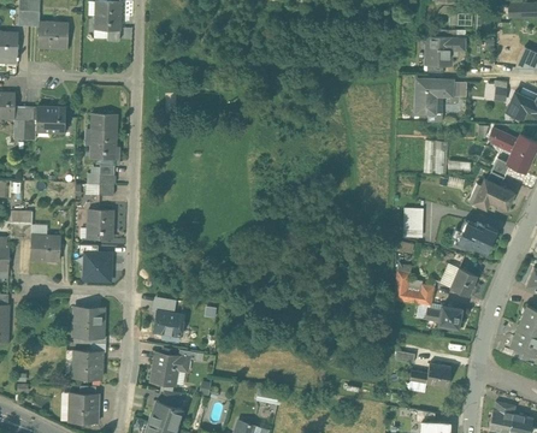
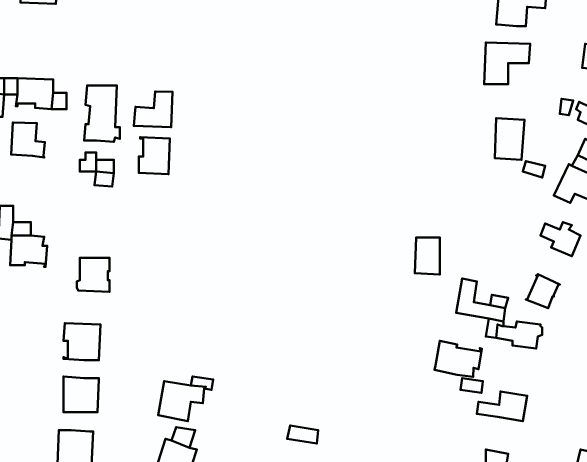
building: none -> [134,92,173,127]
building: none -> [11,123,45,158]
building: [402,208,423,238] -> [415,238,440,275]
building: [88,209,113,239] -> [139,137,170,174]
building: [154,312,183,336] -> none
building: none -> [434,341,482,377]

